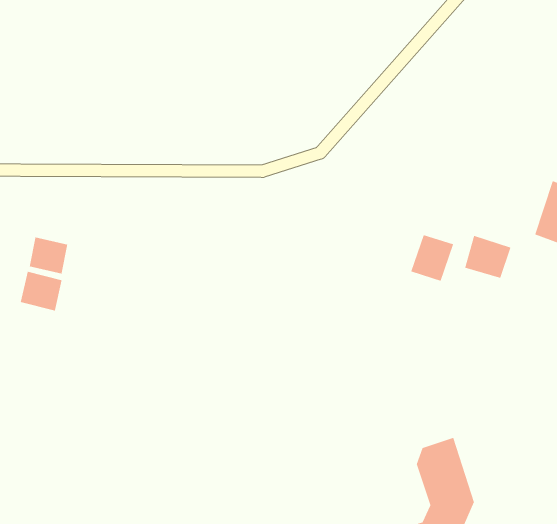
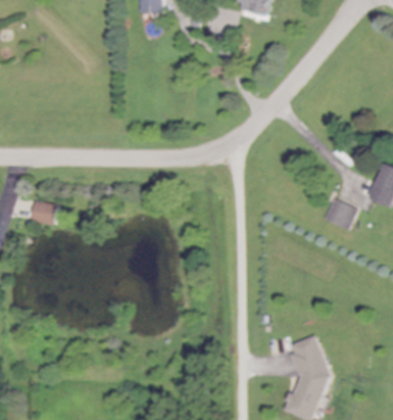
building: [410,234,454,282] -> none
building: [20,271,63,311] -> none

